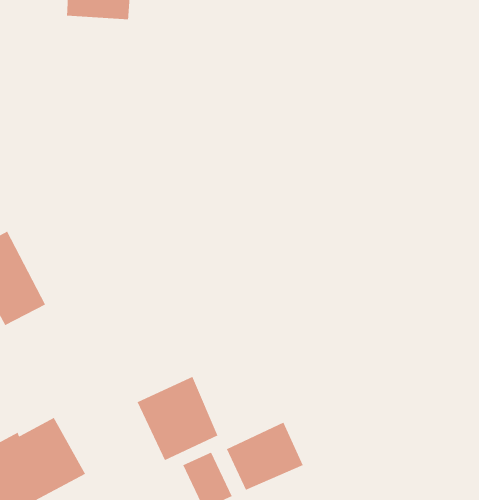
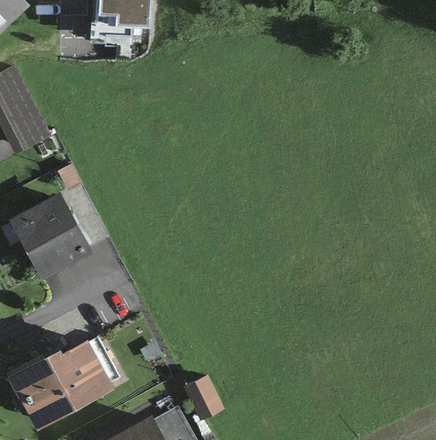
building: [137,376,219,461] -> none
building: [226,422,304,491] -> none

